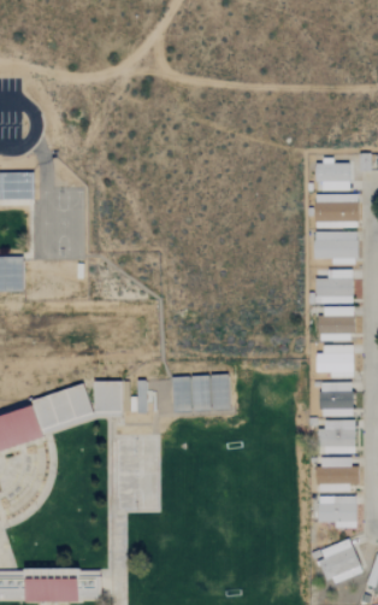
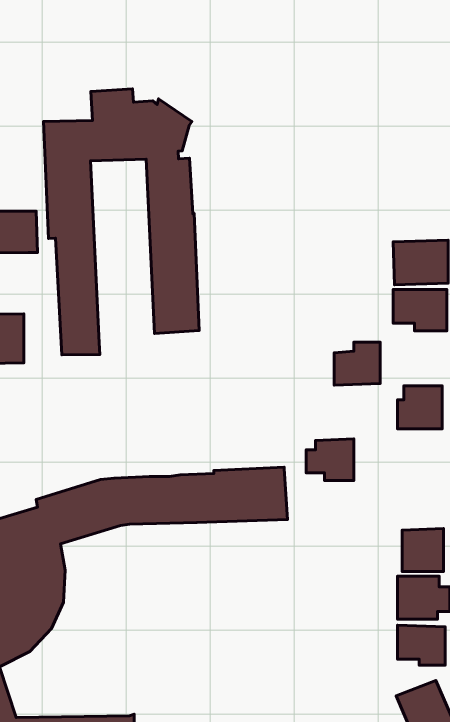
building: none -> [43,89,199,355]
building: [314,160,349,190] -> none
building: [315,270,352,304] -> [334,342,380,385]
building: [315,345,353,377] -> [306,439,354,480]
building: [319,382,352,416] -> none

